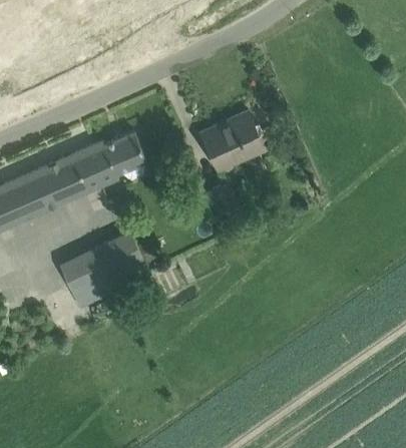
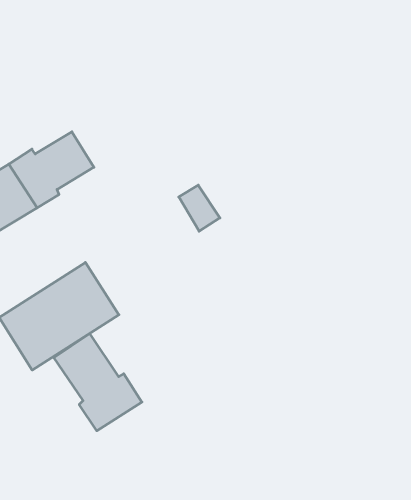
building: [201,112,264,171] -> none
building: none -> [54,334,142,431]

